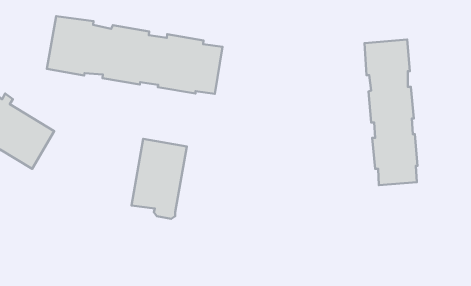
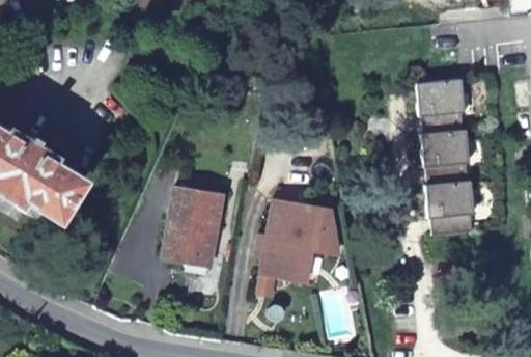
building: [47,16,222,94] -> none
building: none -> [262,200,340,280]

